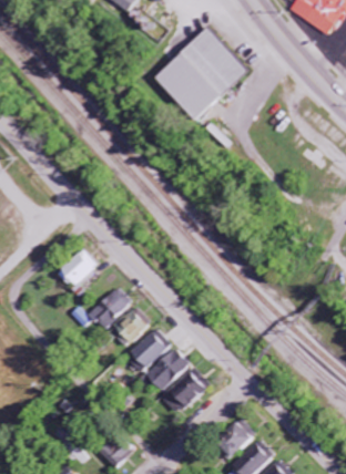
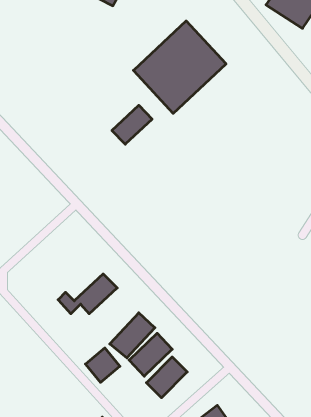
building: none -> [112,105,152,144]
building: [59,248,100,288] -> none
building: [114,309,150,344] -> [85,348,120,382]

